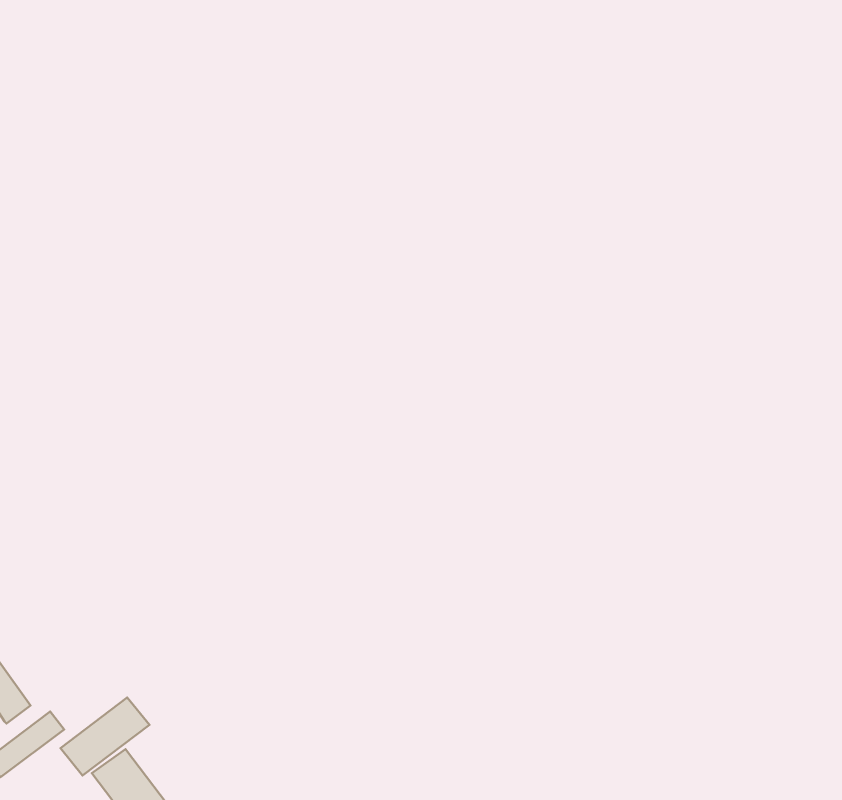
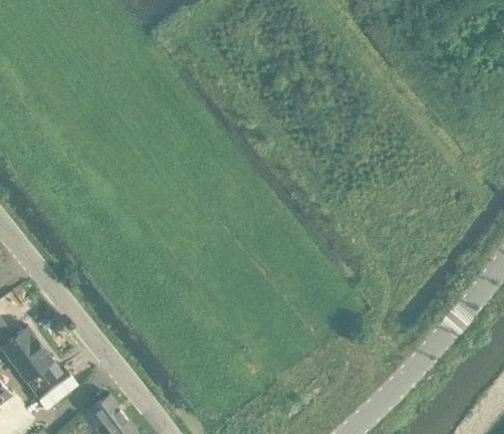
building: [60,697,150,775] -> none

